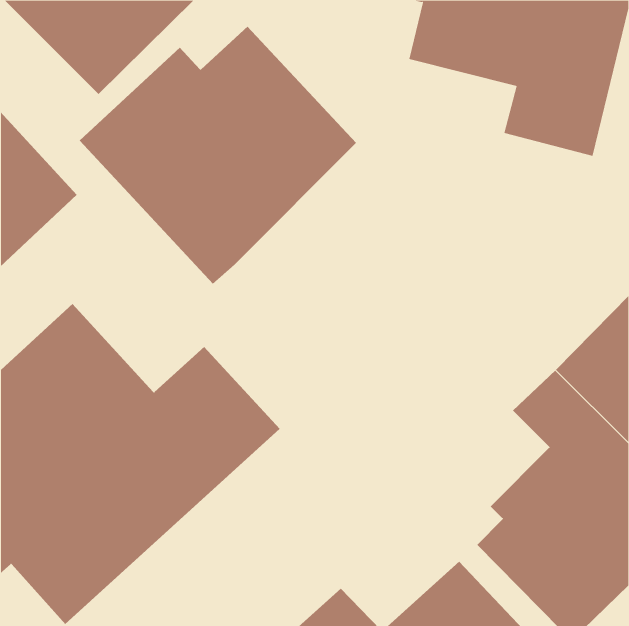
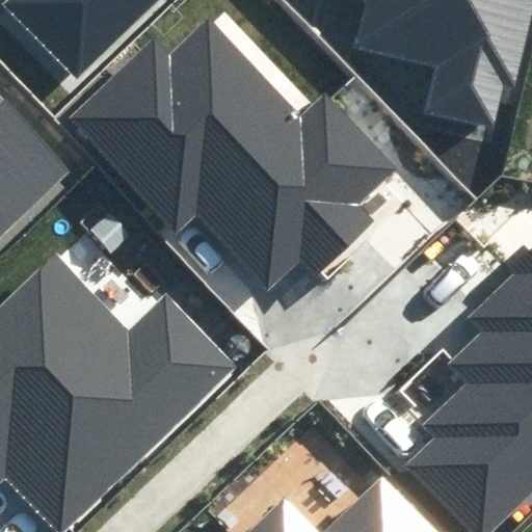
building: none -> [198,98,396,293]

